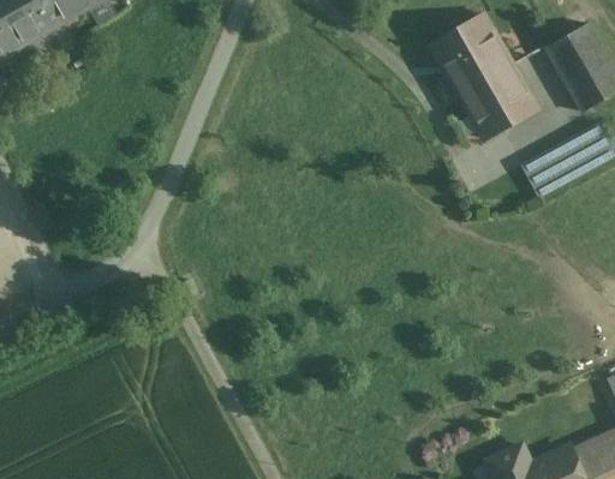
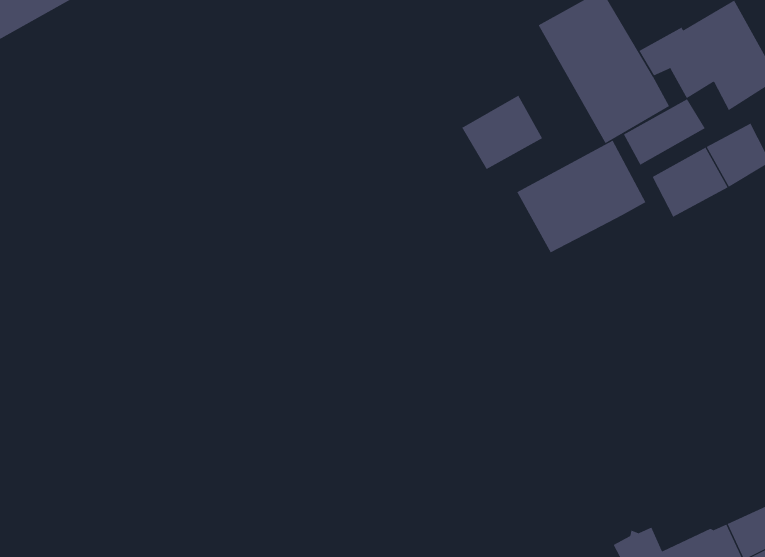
building: none -> [461,95,543,170]
building: none -> [623,98,705,166]
building: none -> [517,140,646,253]

